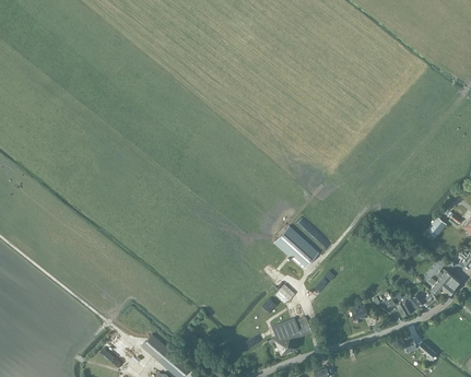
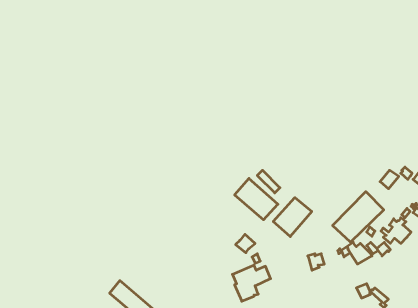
building: none -> [333,192,384,242]
building: none -> [273,198,312,237]

